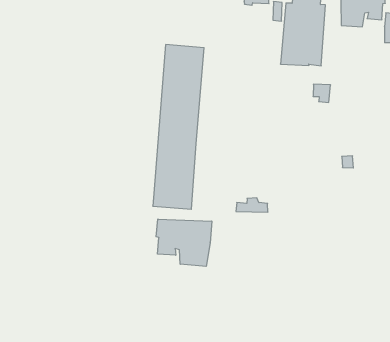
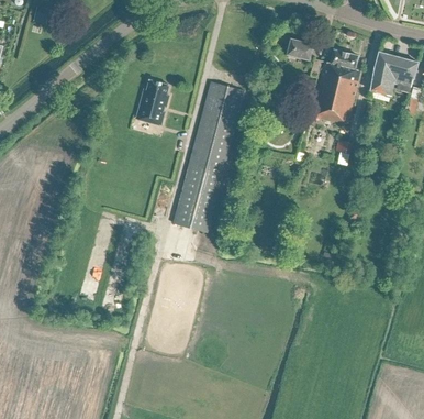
building: none -> [134,78,168,125]
building: [156,219,212,266] -> none

